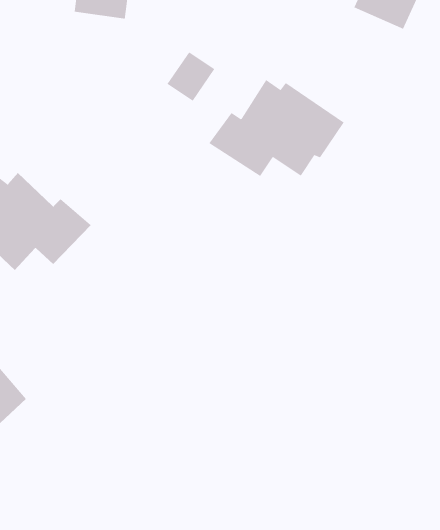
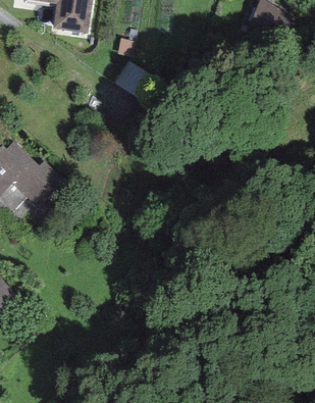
building: [209,79,344,177] -> none

